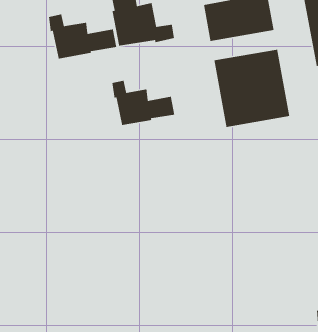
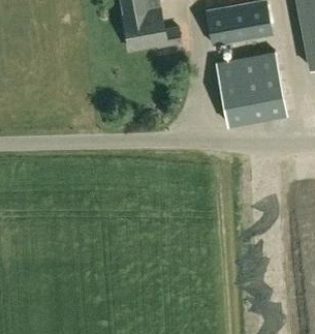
building: [48,14,117,59] -> none
building: [112,80,175,126] -> none

